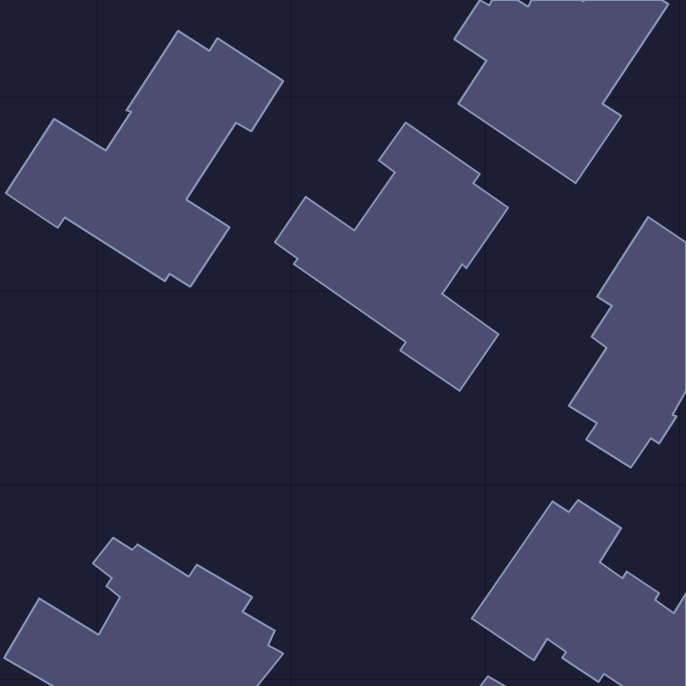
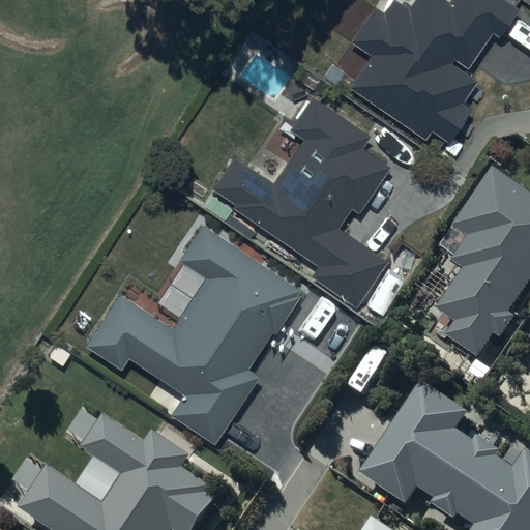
building: [6,31,283,287] -> none
building: none -> [87,220,301,437]

